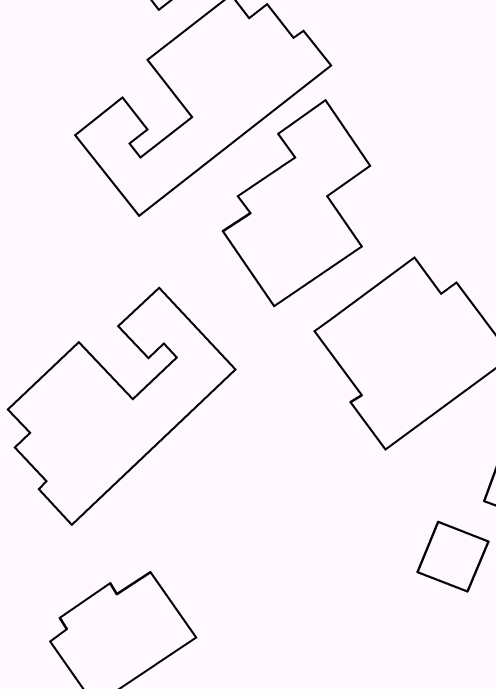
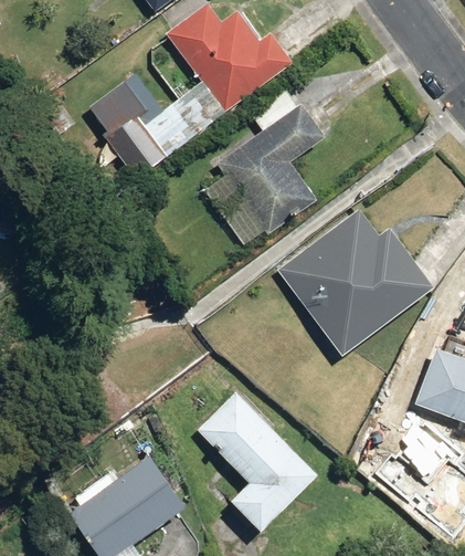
building: [8,288,236,525] -> none
building: none -> [198,389,317,527]

